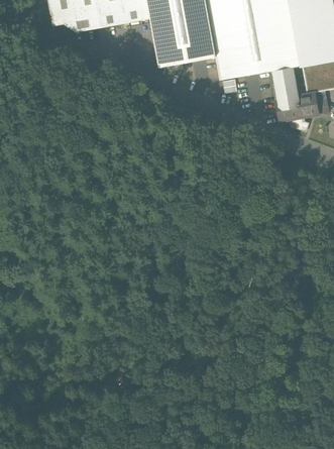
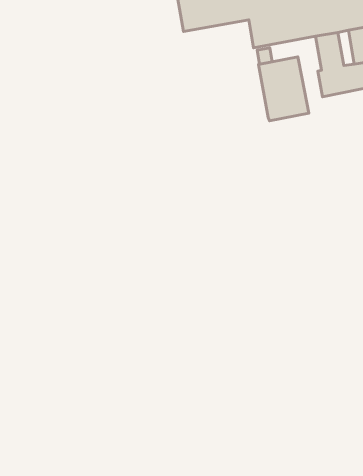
building: none -> [258,57,309,121]

